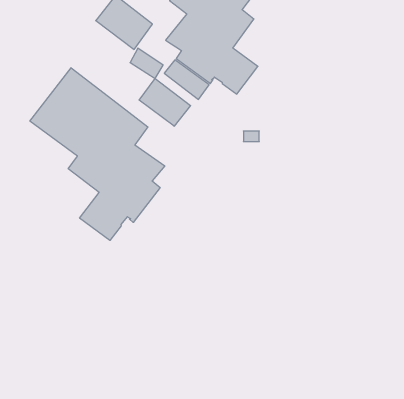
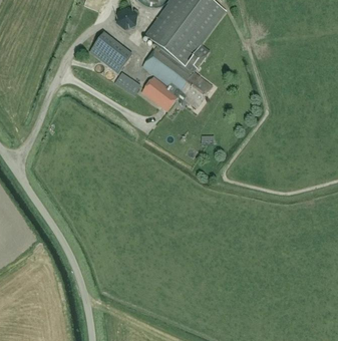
building: [30,68,165,240] -> none
building: [139,78,191,126] -> none

